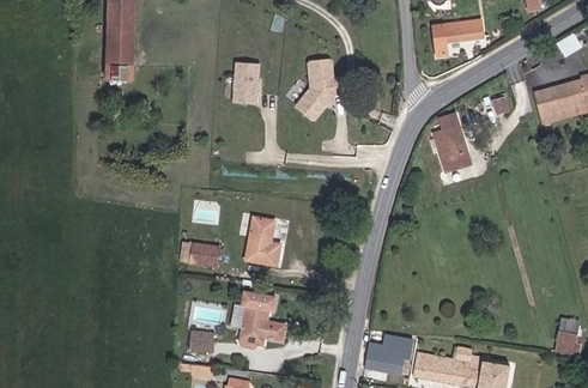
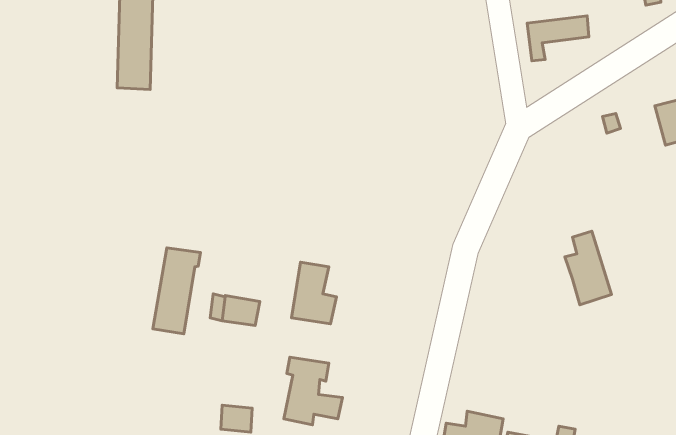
building: [297,57,344,117] -> none
building: [234,61,260,103] -> none
building: [434,113,471,171] -> [565,231,611,305]
building: none -> [153,248,200,334]

